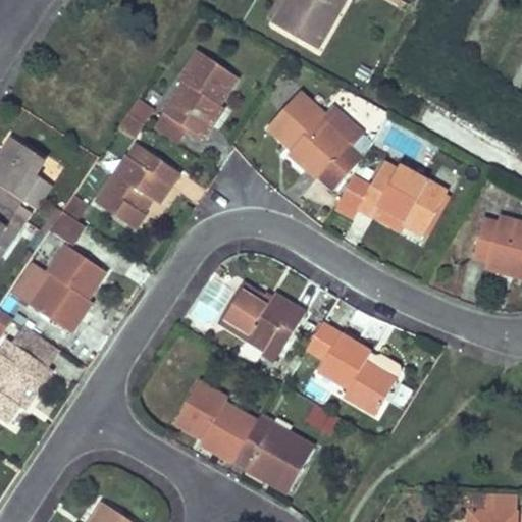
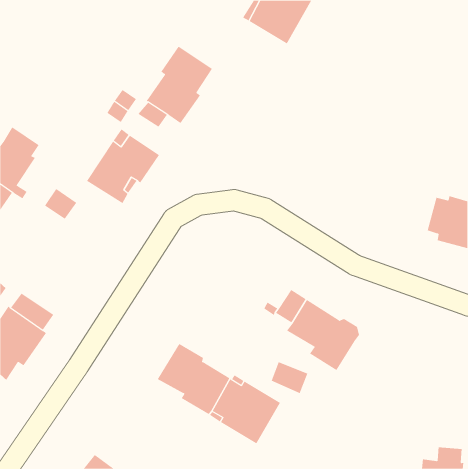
building: [268,90,363,190] -> none
building: [331,163,446,234] -> none
building: [13,247,104,331] -> none
building: [219,282,305,351] -> none

